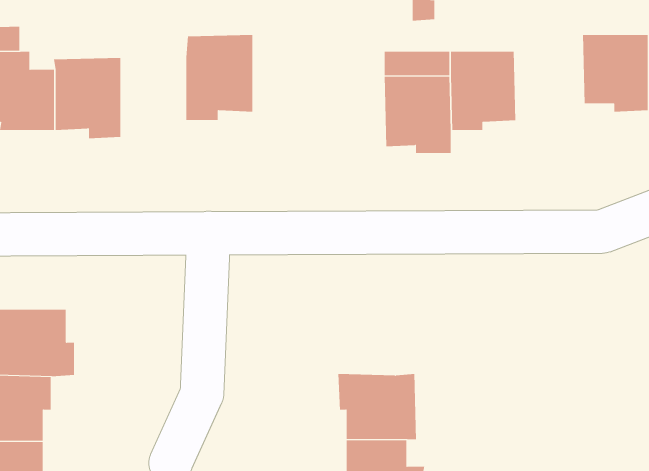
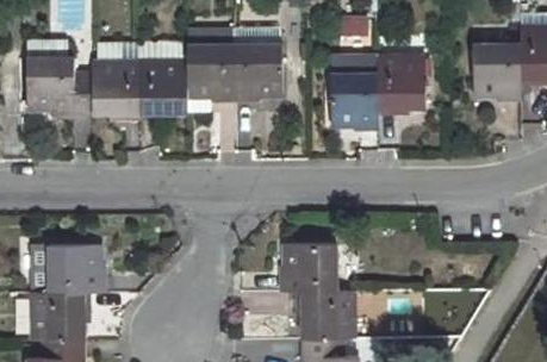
building: none -> [235,44,282,100]
building: none -> [139,61,186,118]
building: none -> [280,241,337,289]

